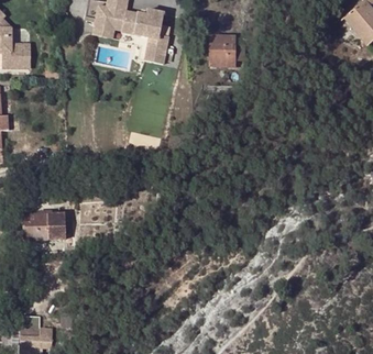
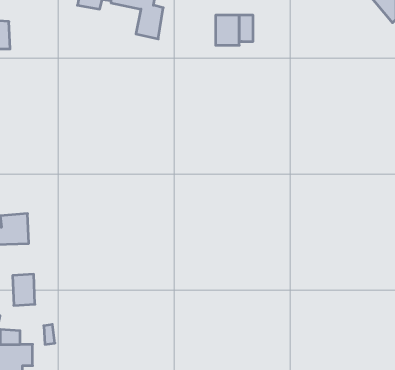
building: [46,212,66,240] -> [13,274,35,305]

